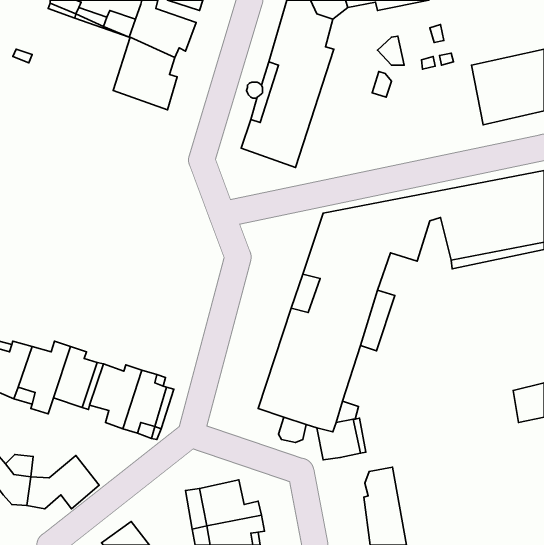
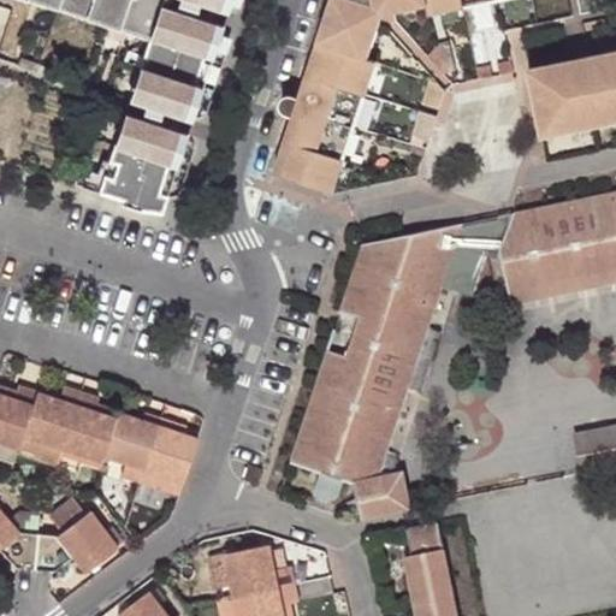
building: none -> [96,117,184,217]

